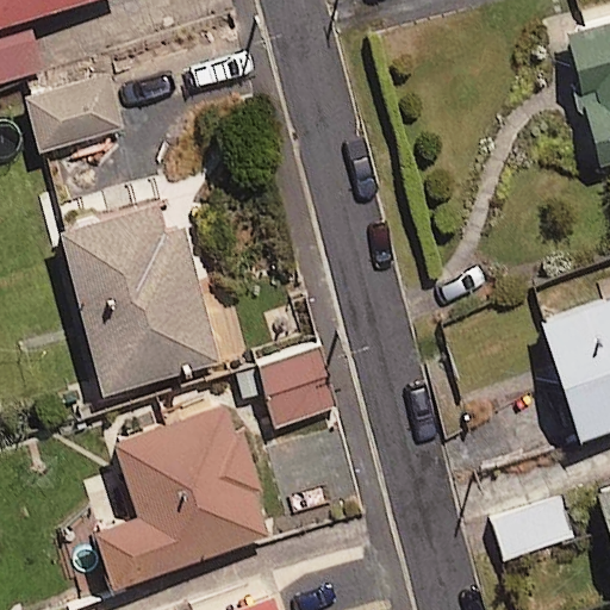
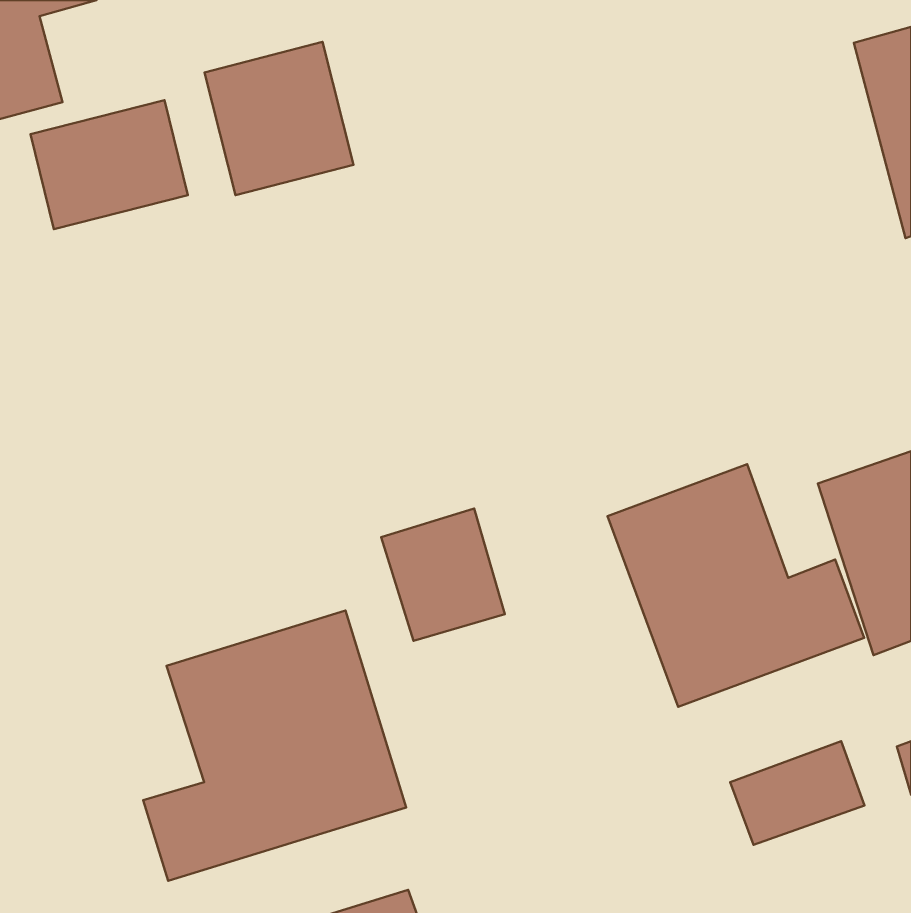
building: none -> [204,42,354,195]
building: [63,204,218,390] -> none
building: none -> [607,464,864,707]

